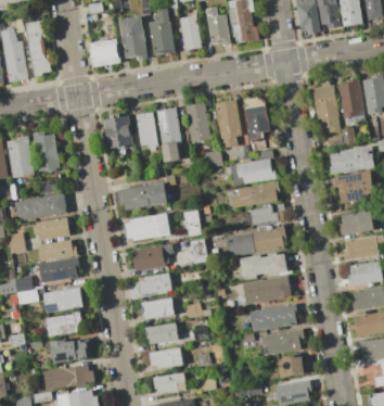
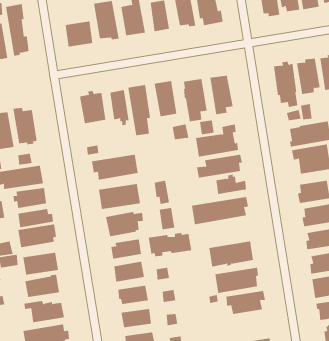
building: [240,252,287,278] -> [148,232,192,257]
building: [276,355,305,377] -> none

